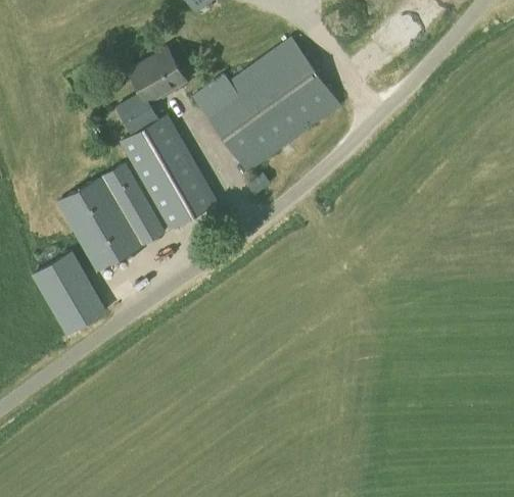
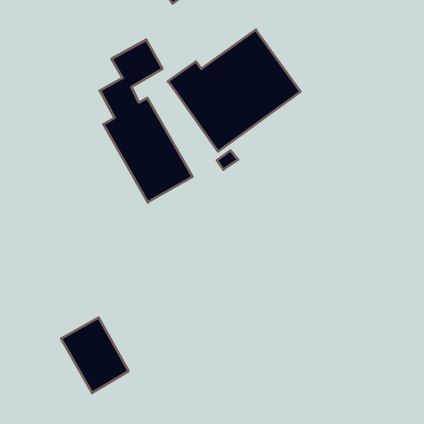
building: [55,162,166,274] -> none
building: [32,251,107,336] -> [61,318,128,393]

